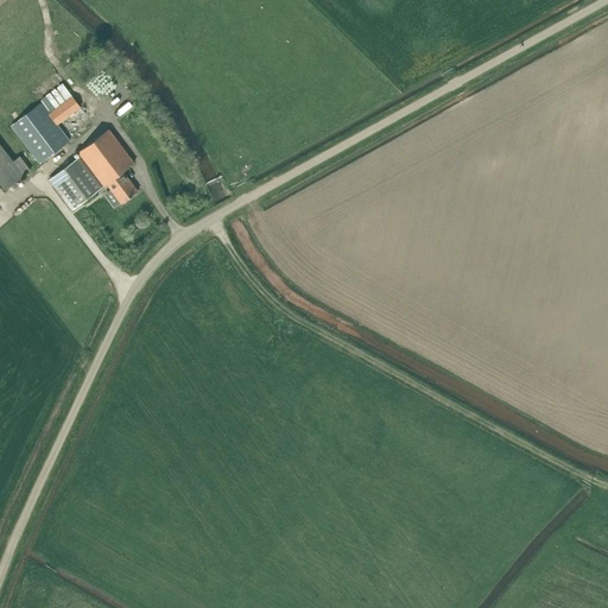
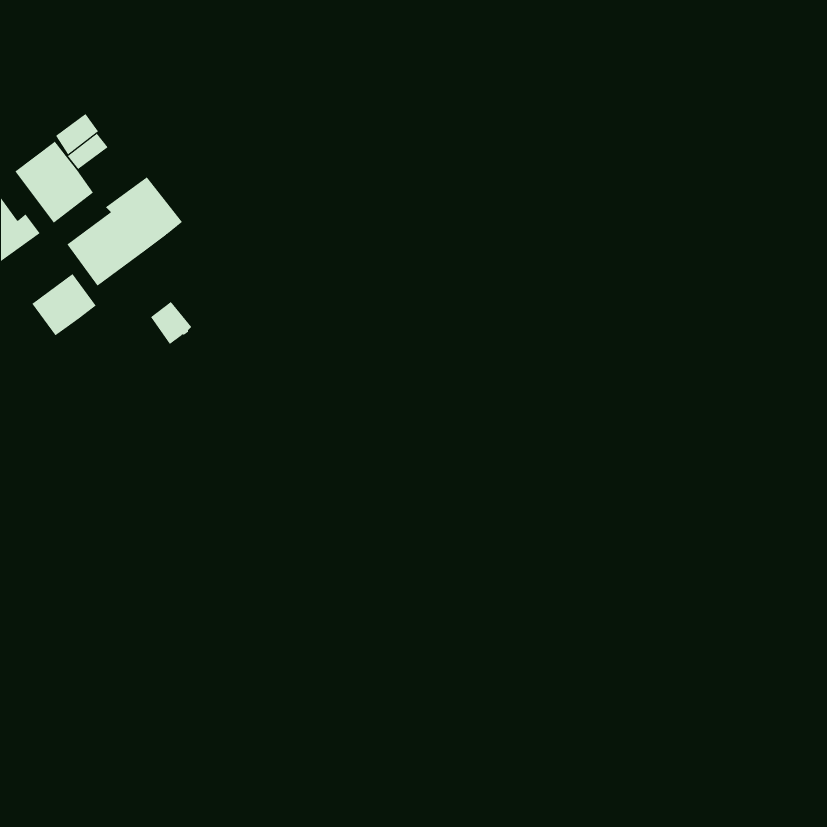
building: [107,172,138,204] -> [150,301,192,345]
building: none -> [32,273,96,336]

